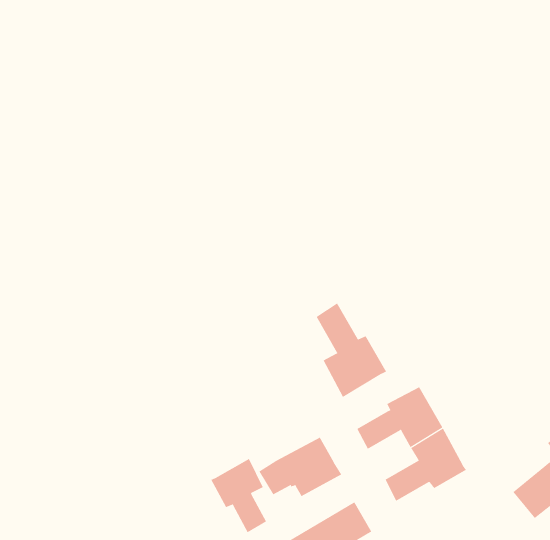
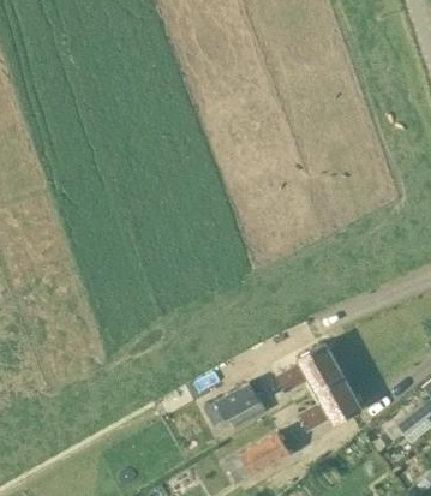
building: [316,302,387,398] -> none
building: [211,458,267,533] -> none

